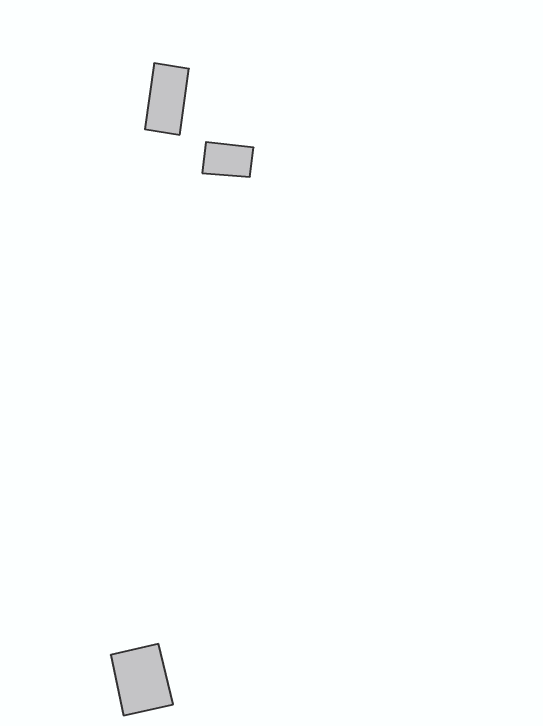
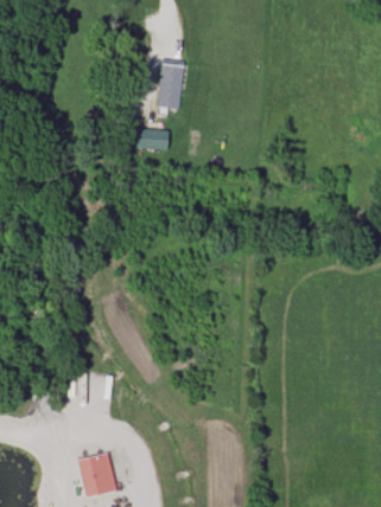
building: [145,63,189,135] -> [155,63,184,109]

